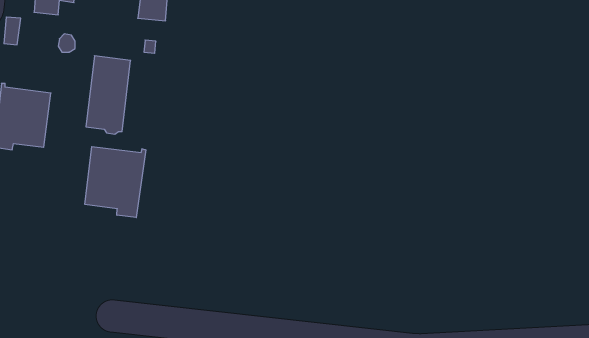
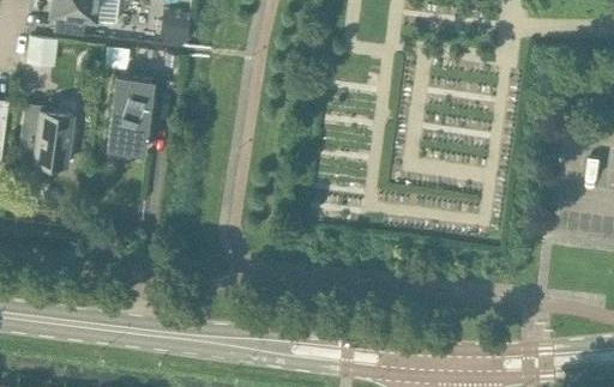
building: [85,147,146,218] -> none

